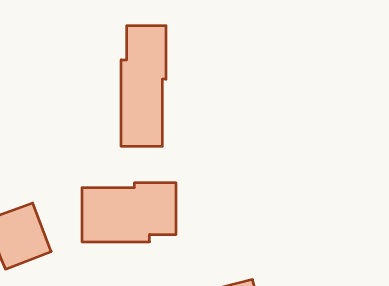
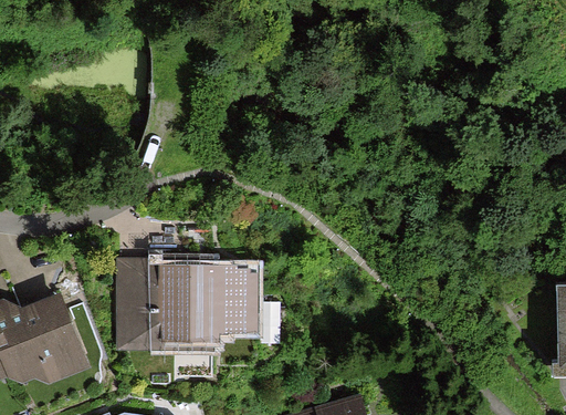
building: [121,26,166,146] -> none

